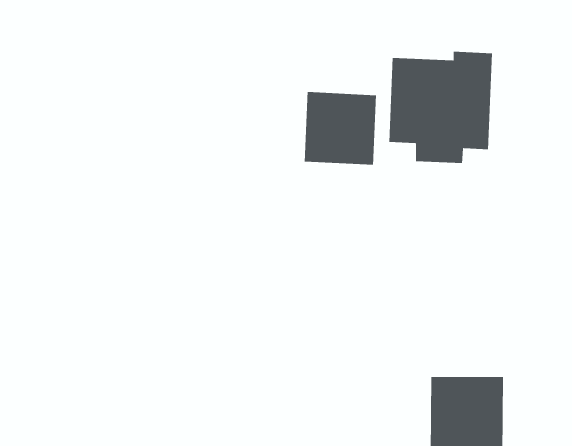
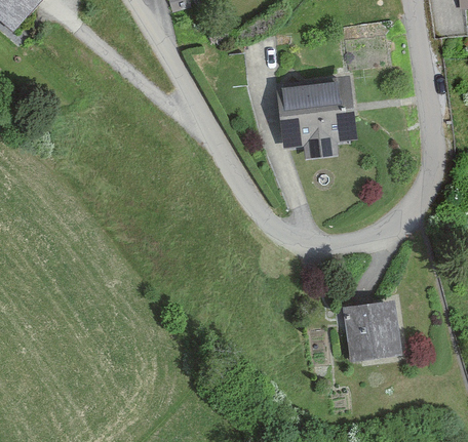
building: [304,91,376,165] -> none

